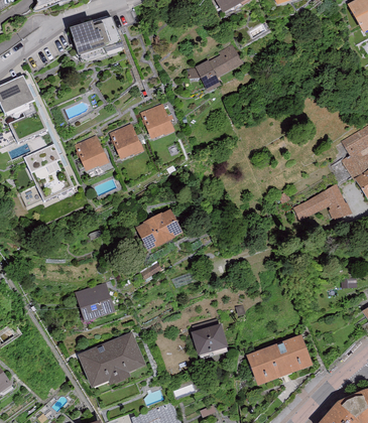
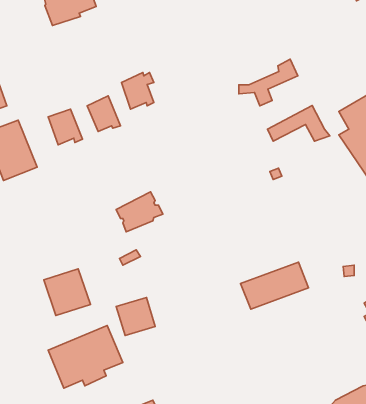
building: [188,45,241,88] -> [239,59,298,106]
building: [295,185,352,218] -> [268,106,330,141]
building: [191,324,226,359] -> [116,298,155,335]
building: [247,337,309,380] -> [241,262,309,309]

